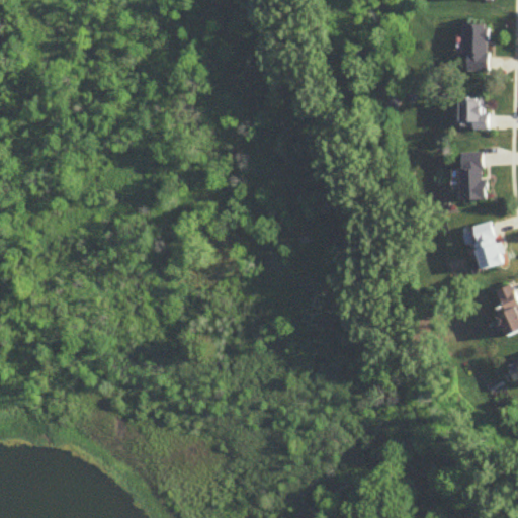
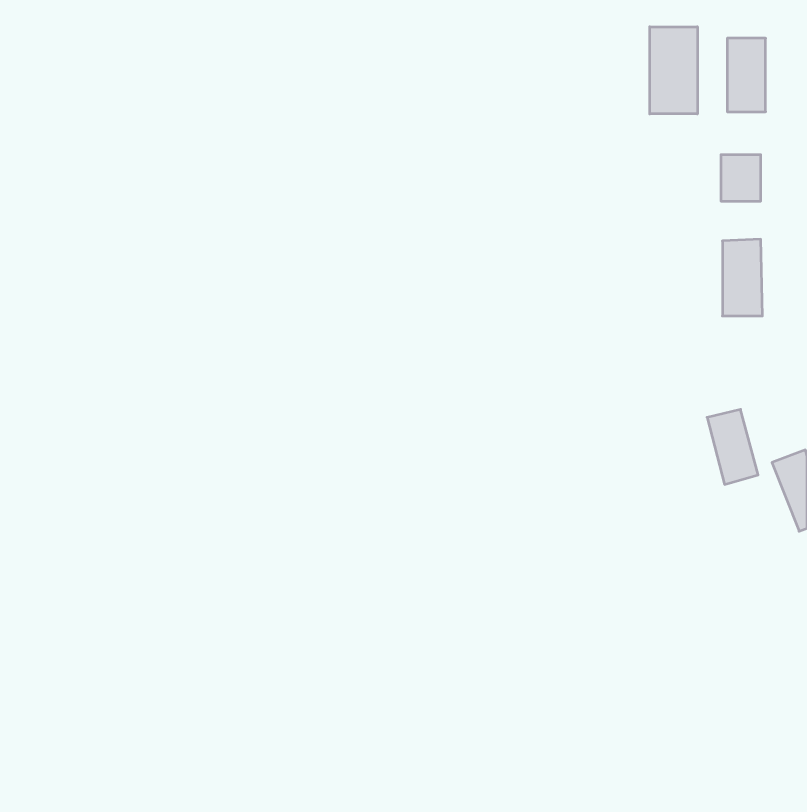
building: none -> [650,27,697,114]
building: [470,223,503,270] -> [707,409,758,484]

